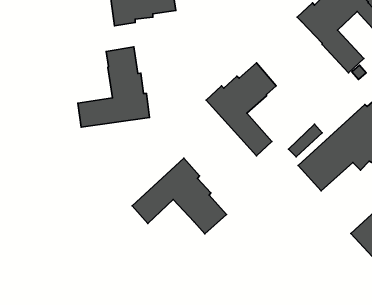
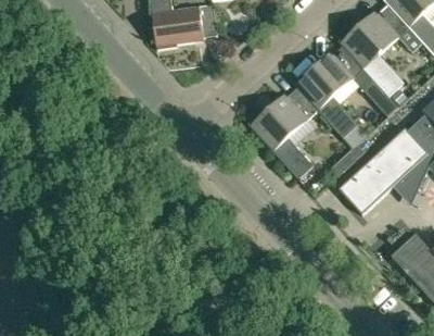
building: none -> [293,45,362,137]
building: [78,47,150,127] -> none
building: [132,158,226,234] -> none

